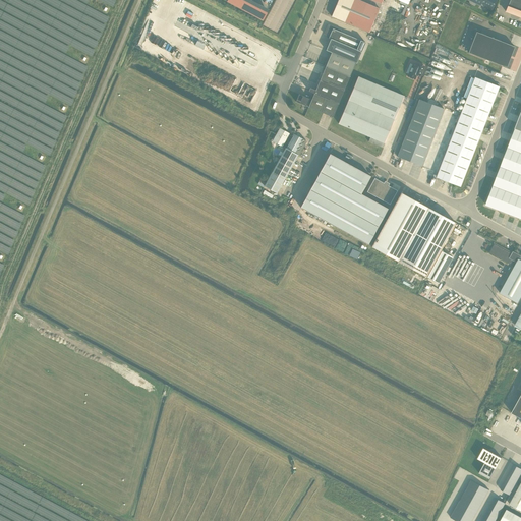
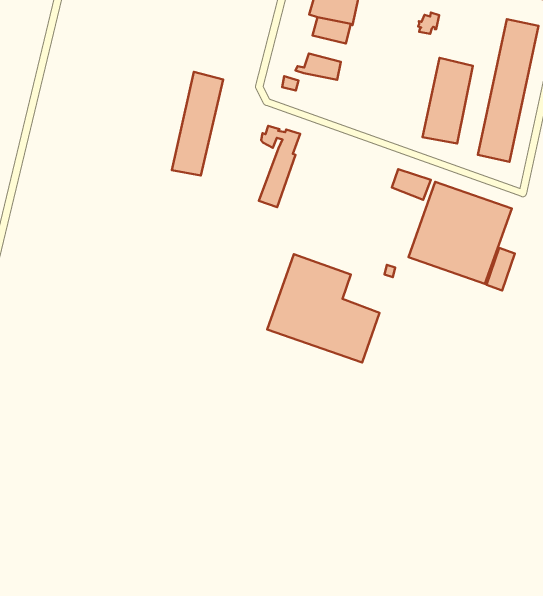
building: [321,65,350,89] -> none
building: [339,75,404,147] -> none
building: none -> [172,72,223,175]
building: [308,93,339,116] -> none
building: [300,153,388,243] -> [267,254,380,363]

